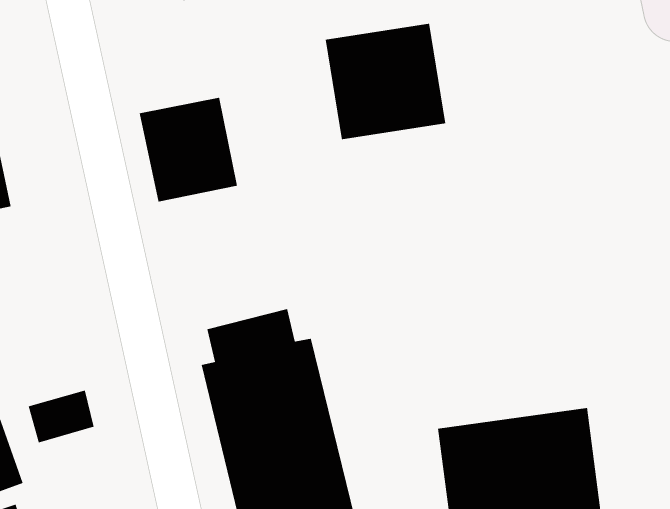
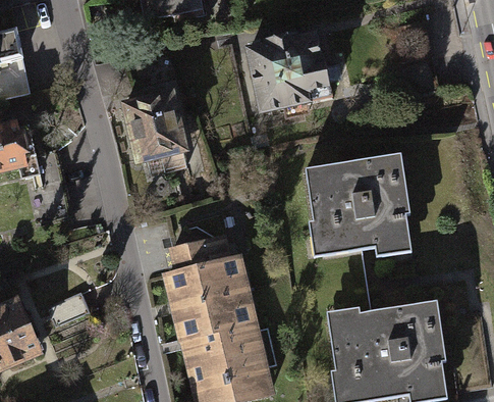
building: none -> [306,154,407,253]

